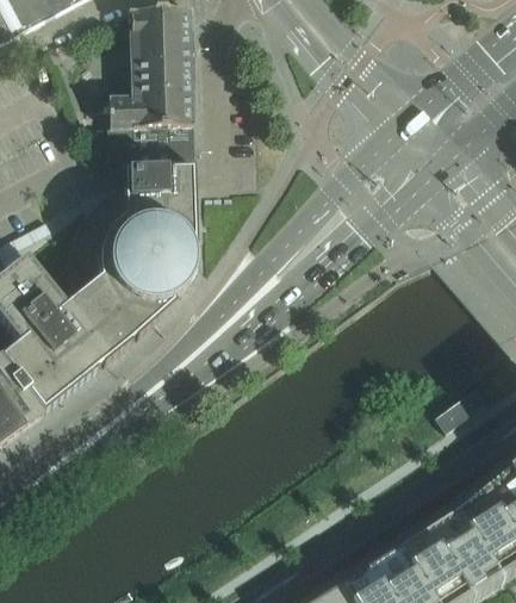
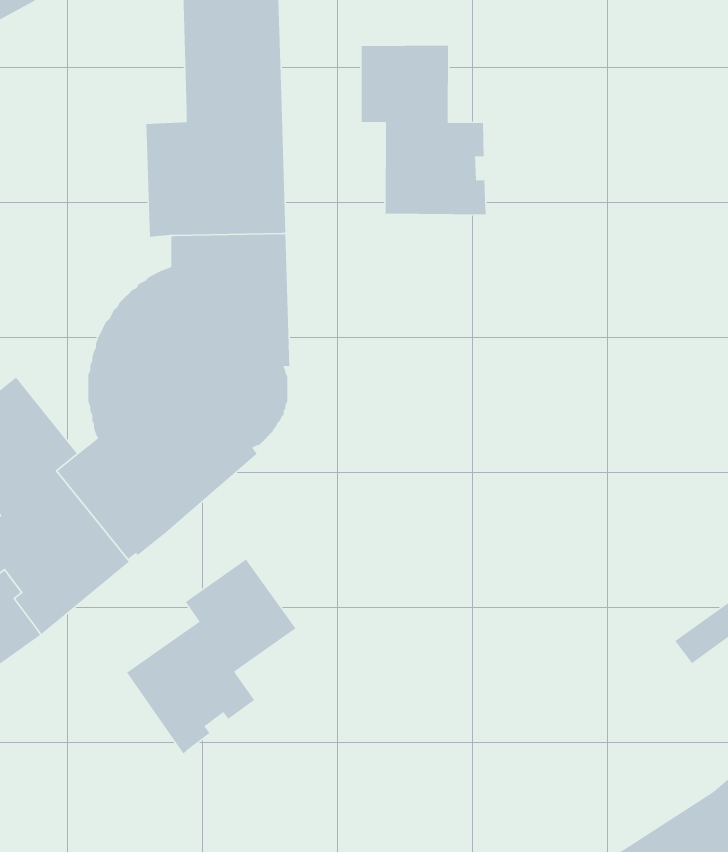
building: none -> [361,45,487,215]
building: none -> [126,558,297,754]

